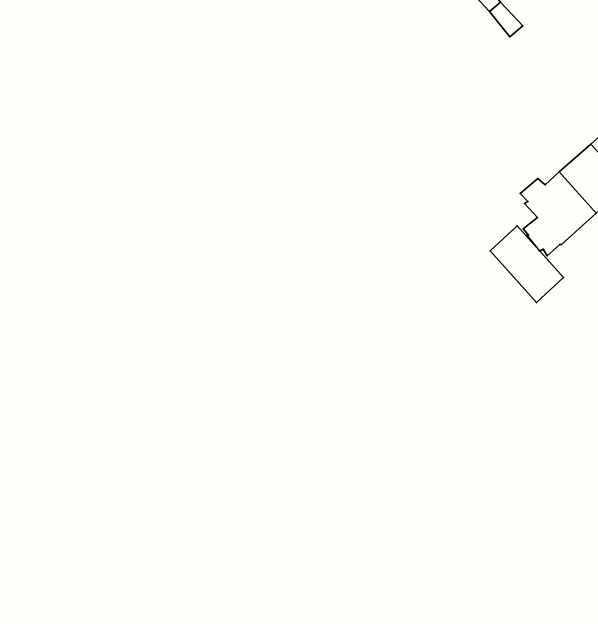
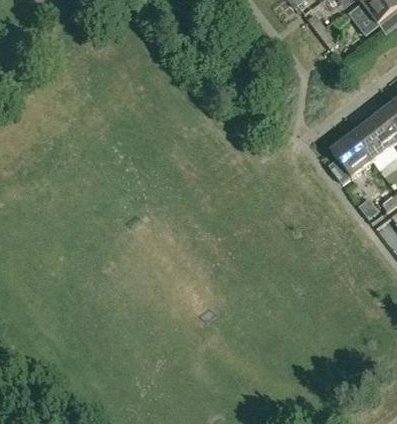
building: [490,226,564,303] -> none

